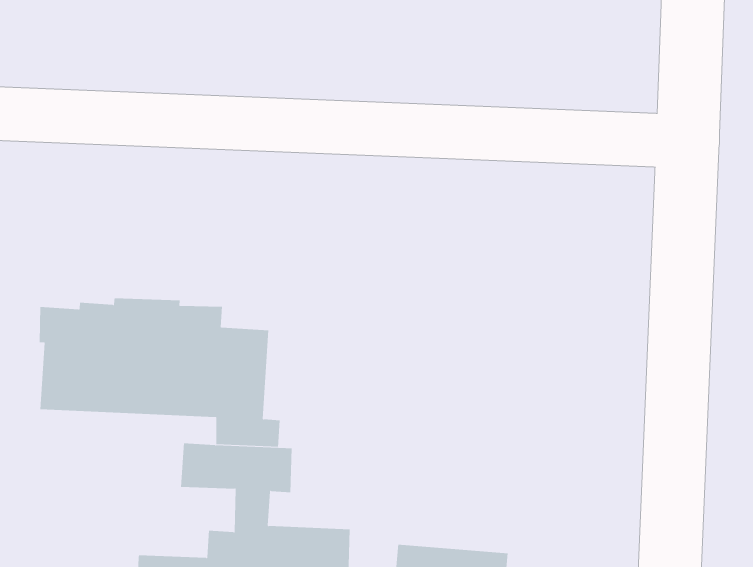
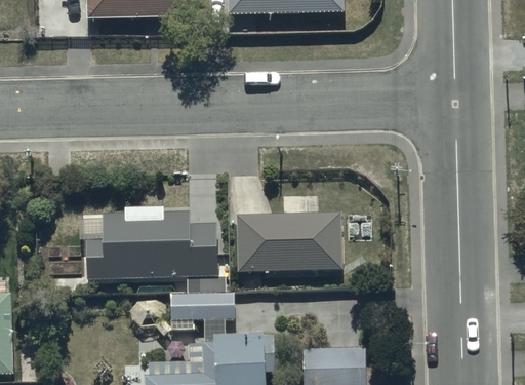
building: none -> [237,211,341,271]

